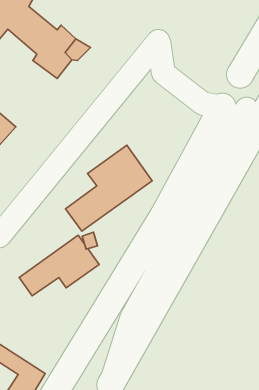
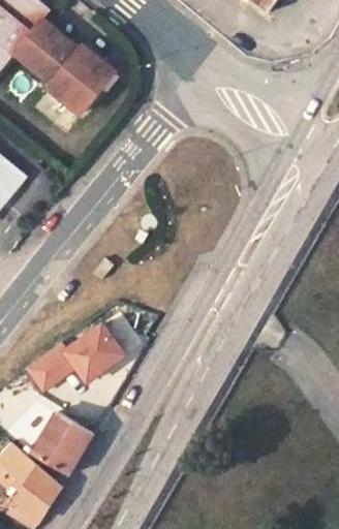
building: [65,145,152,231] -> none
building: none -> [33,412,94,475]

